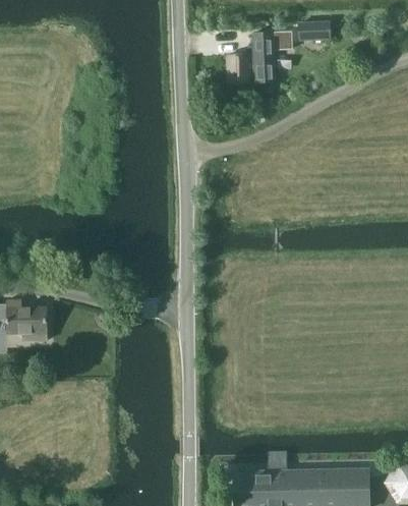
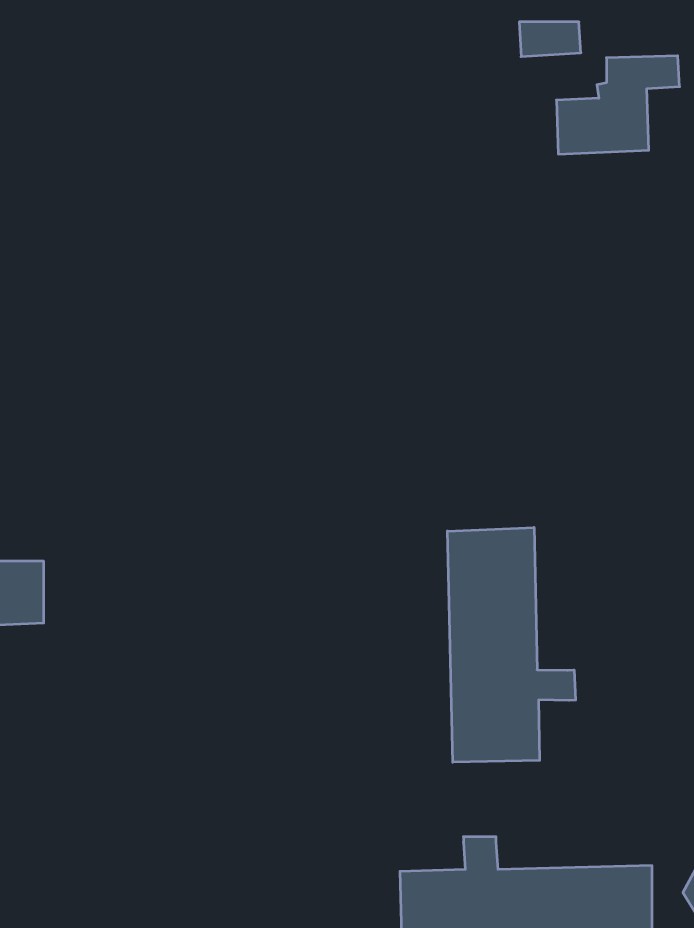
building: [227,32,292,83] -> [556,56,680,154]
building: none -> [447,527,576,762]

